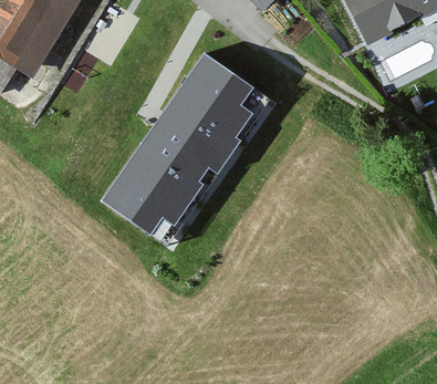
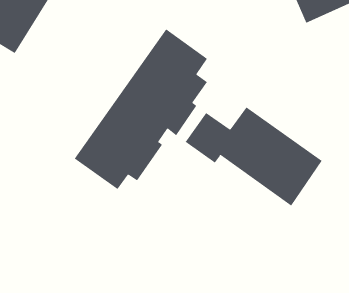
building: none -> [185,107,323,206]

